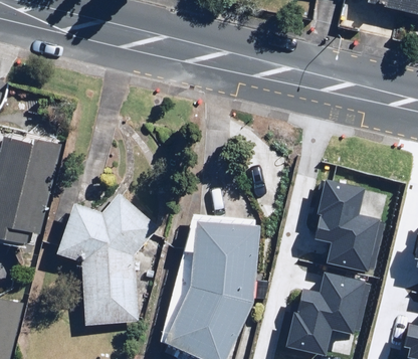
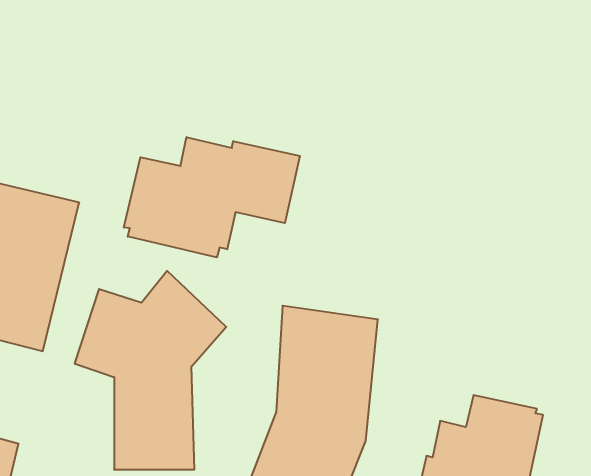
building: none -> [124,137,300,257]
building: [314,180,384,275] -> none

